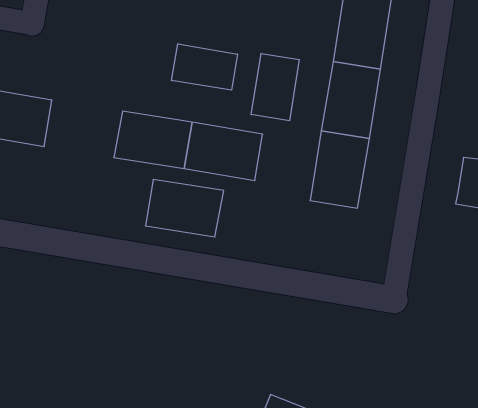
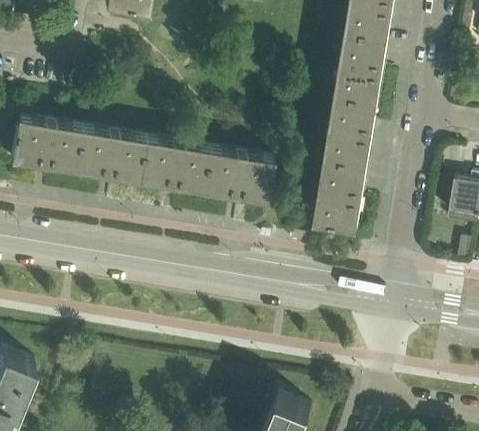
building: [172,44,237,90] -> none
building: [251,53,299,121] -> none
building: [145,180,224,237] -> [72,129,143,181]

